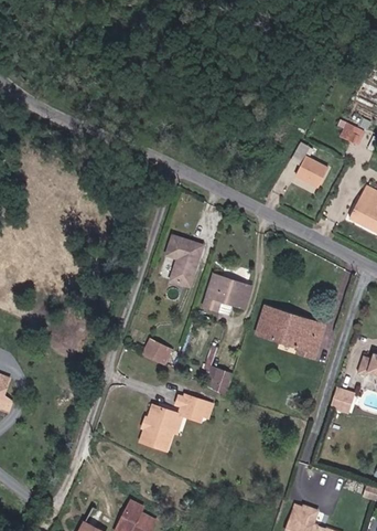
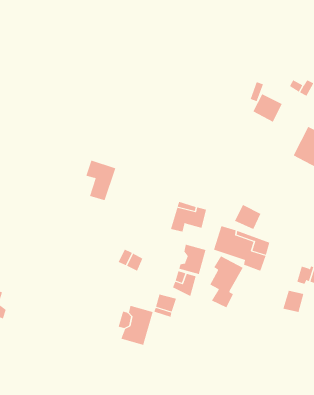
building: [164,236,201,285] -> [85,160,116,201]
building: none -> [234,204,261,230]
building: none -> [178,244,206,275]
building: none -> [209,256,243,308]

